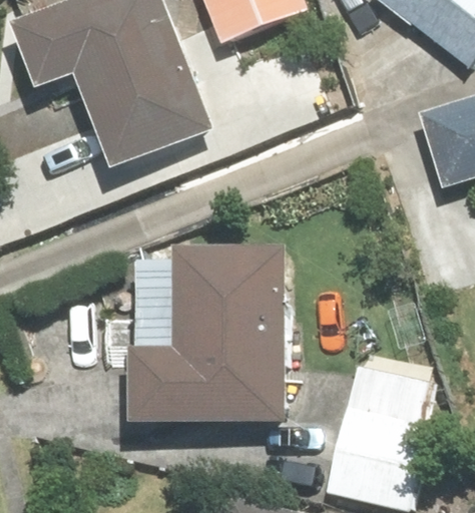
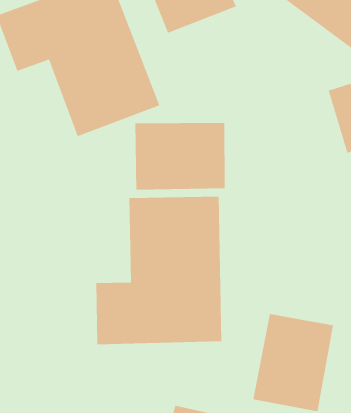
building: none -> [135,122,225,190]

